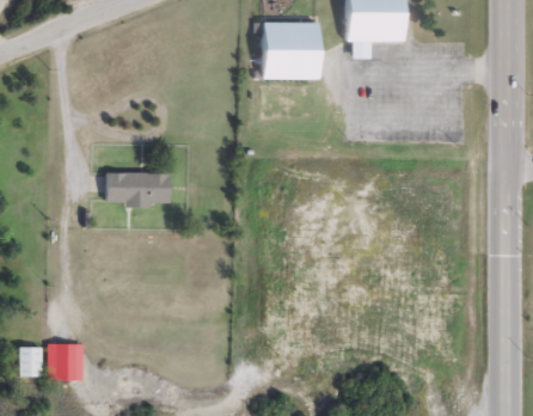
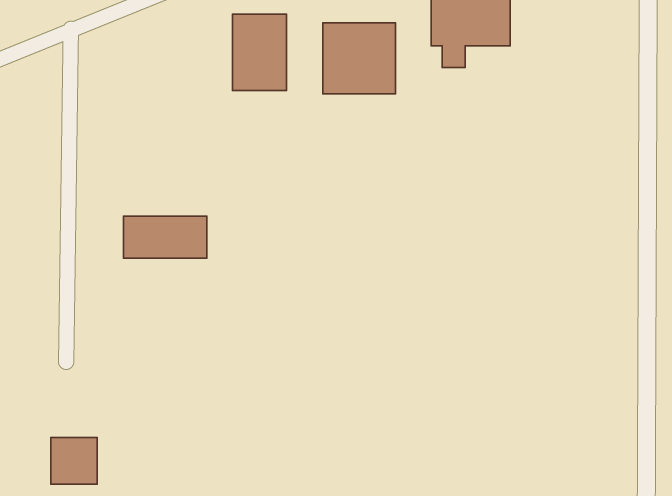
building: none -> [232,14,287,90]
building: [18,347,44,375] -> none

